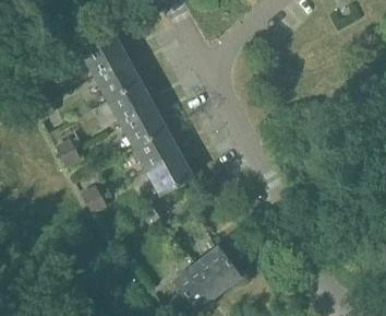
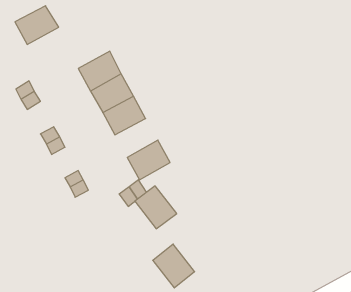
building: [81,34,128,75] -> [15,6,59,44]
building: [133,129,179,171] -> none
building: [195,247,240,293] -> [135,186,177,229]

